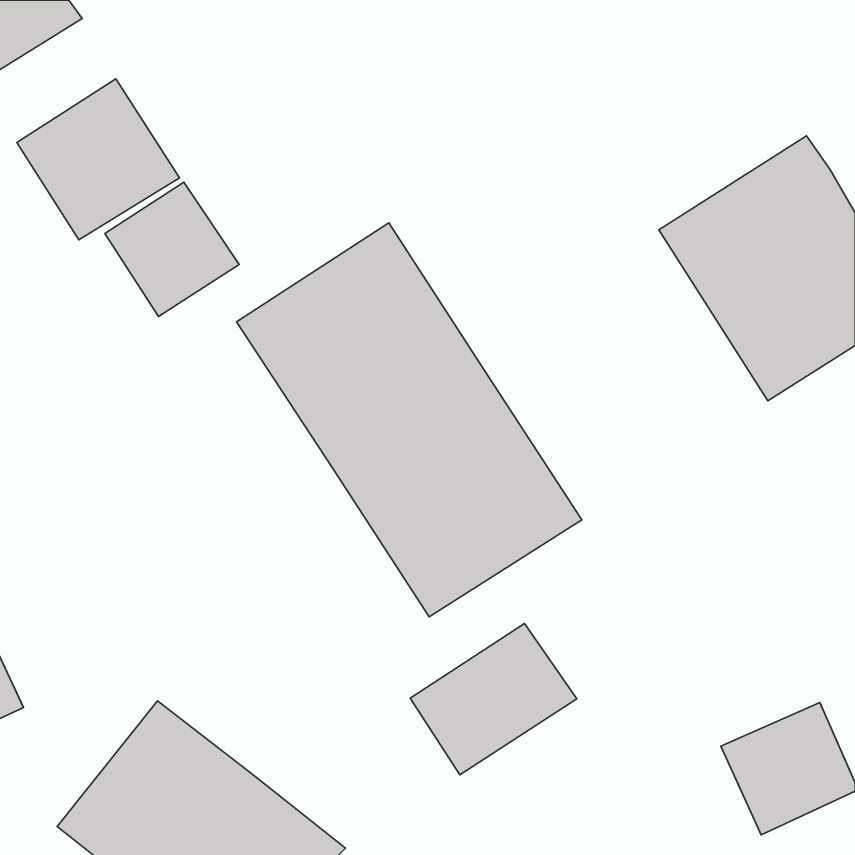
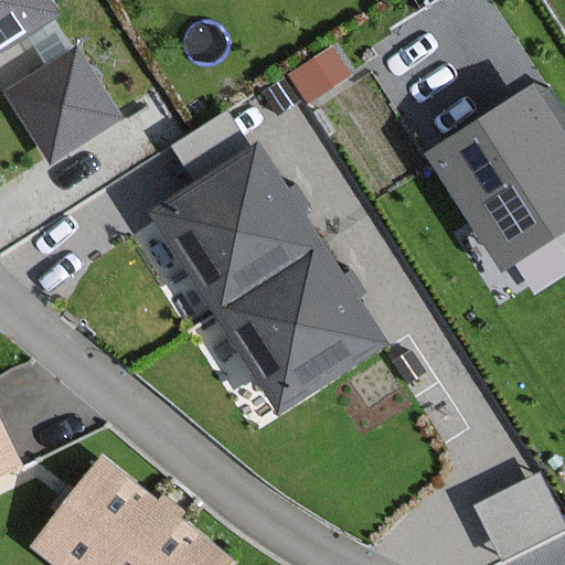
building: [105,182,239,316] -> none
building: [410,624,577,775] -> none

